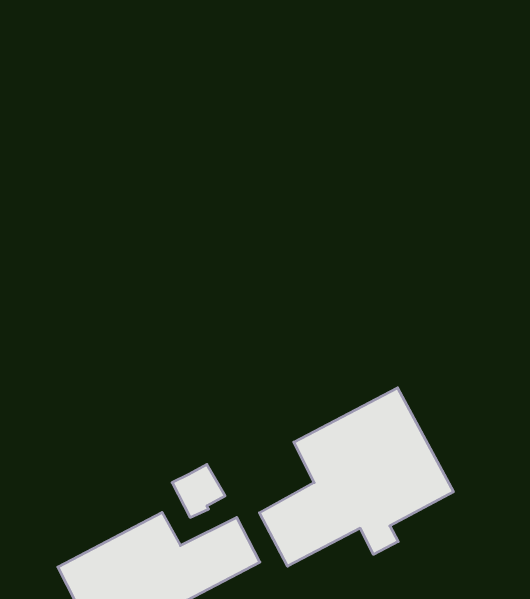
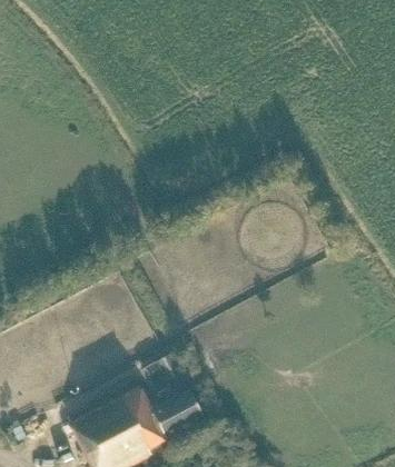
building: [259,388,453,566] -> none

